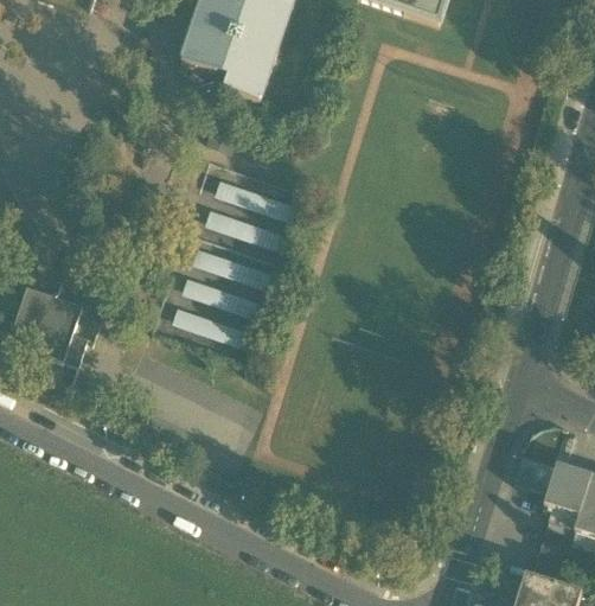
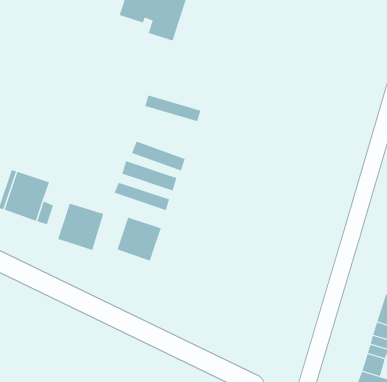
building: [211,210,286,262] -> none
building: none -> [58,203,104,251]
building: none -> [117,217,162,261]

